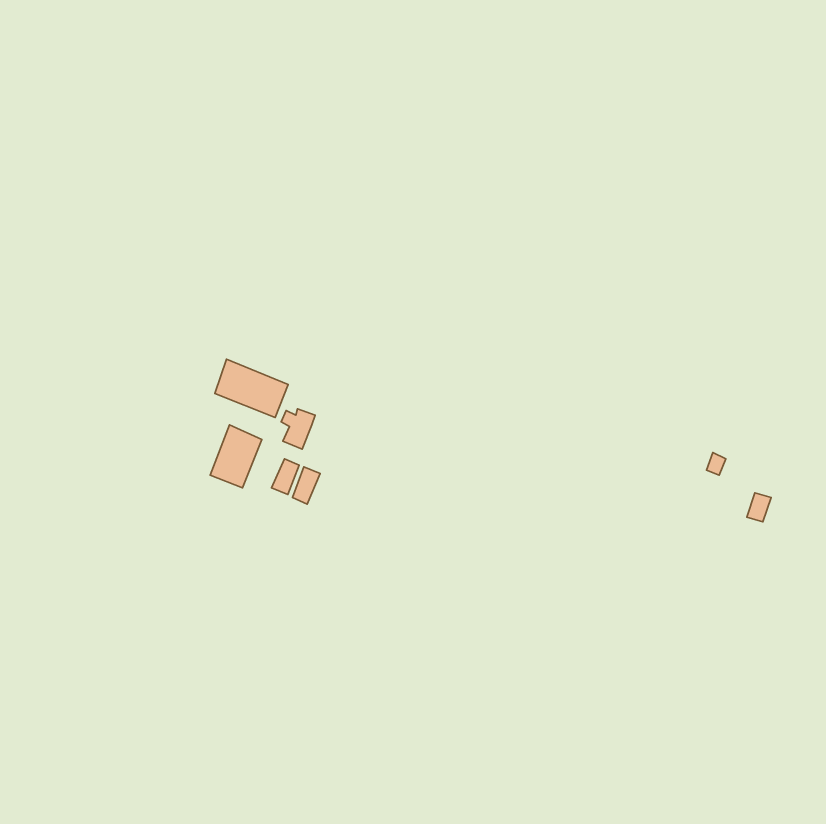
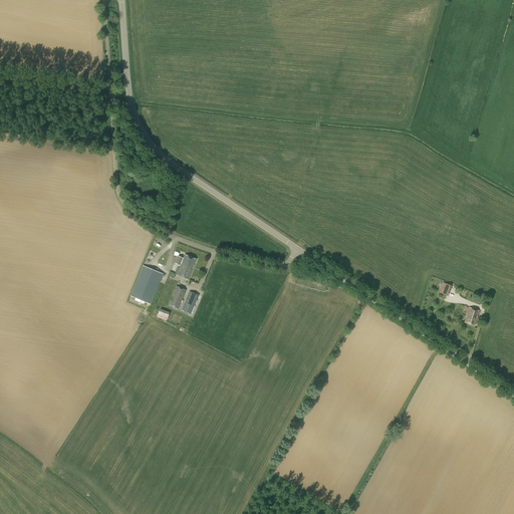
building: [215,359,288,417] -> none

